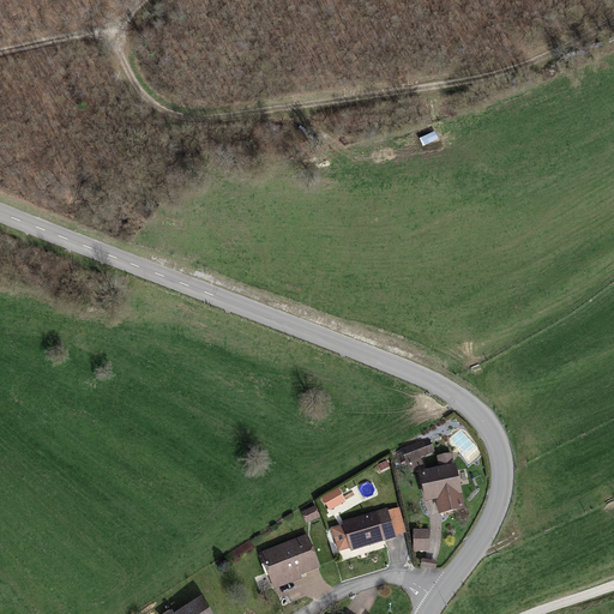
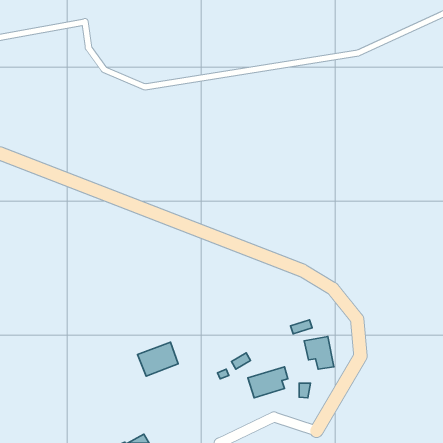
building: [261,537,318,584] -> [138,342,178,376]

